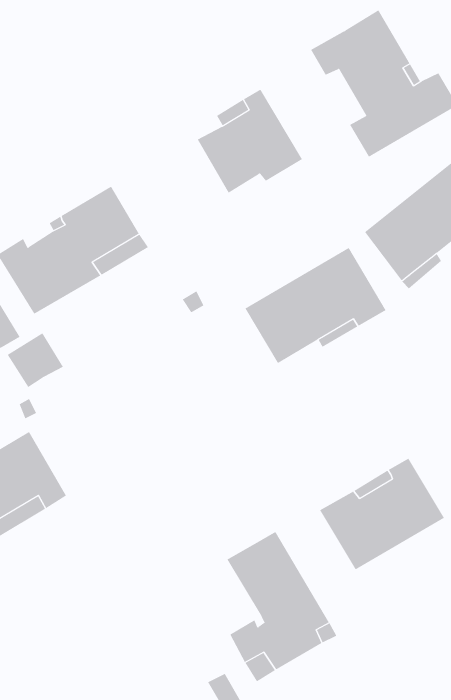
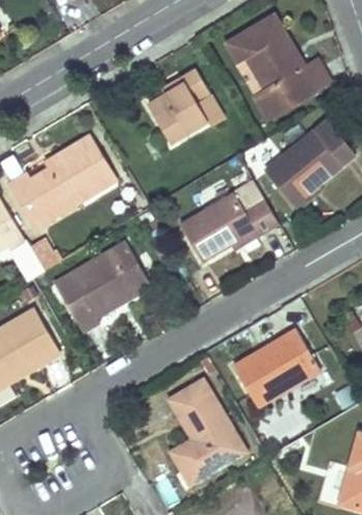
building: none -> [55,240,151,331]

